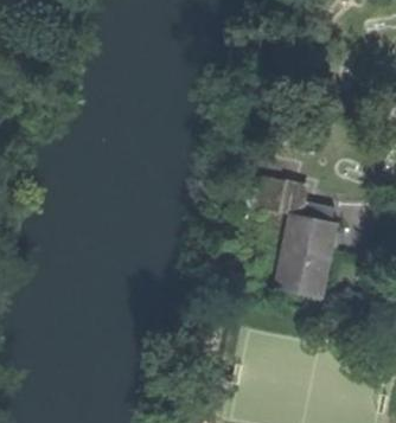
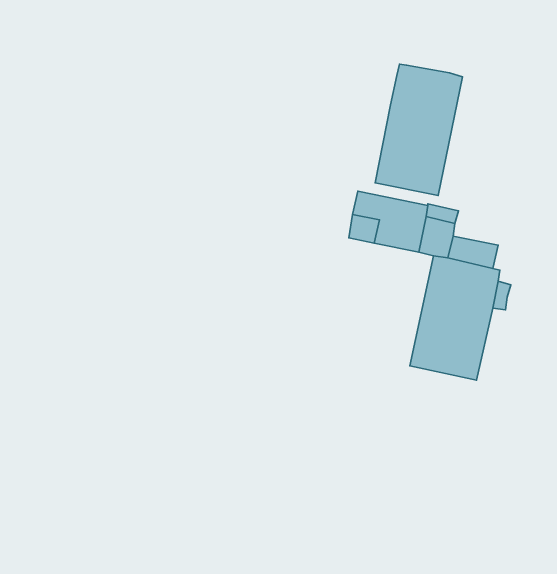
building: none -> [375,64,463,196]

